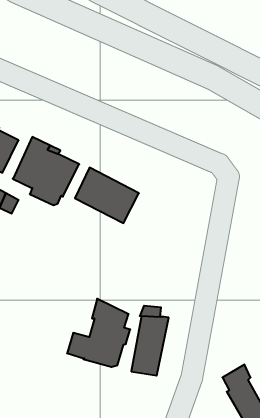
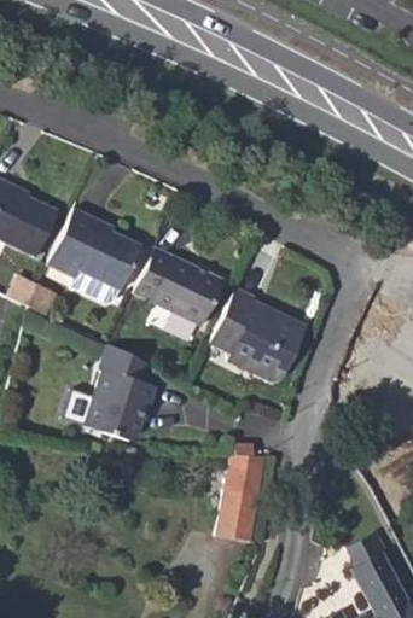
building: none -> [210,291,303,384]
building: [67,299,130,367] -> [63,344,152,441]

